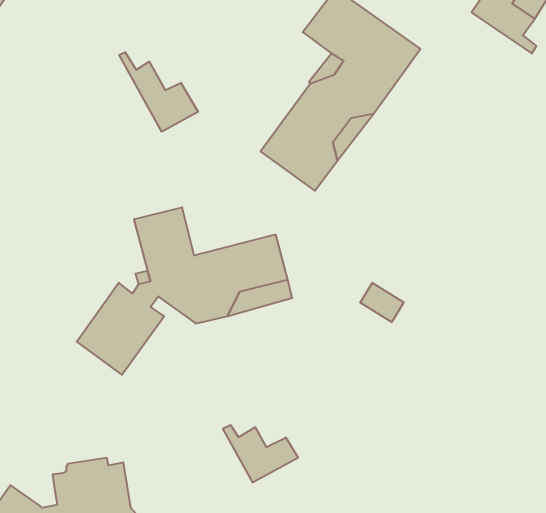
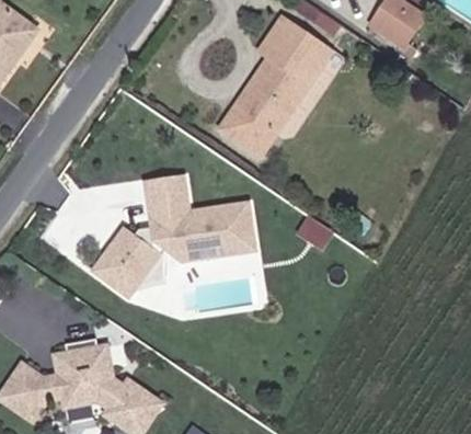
building: [119,52,198,132] -> none
building: [223,425,298,483] -> none

